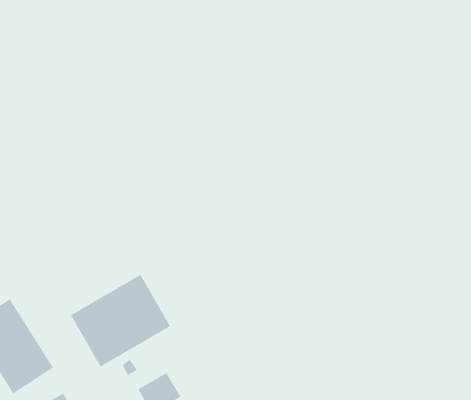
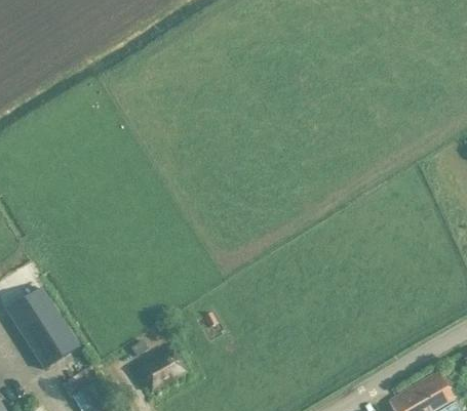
building: [70,274,171,368] -> none

